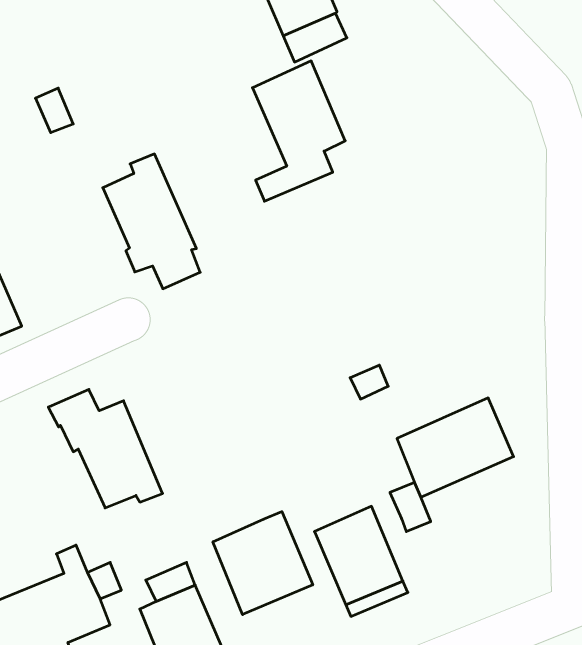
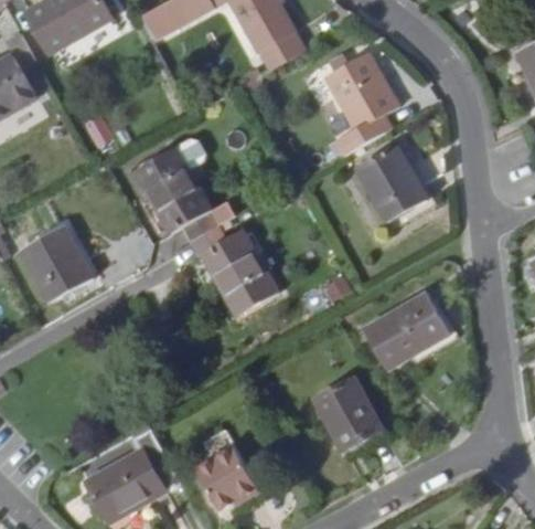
building: [252,61,345,201] -> [325,53,395,156]
building: none -> [352,148,421,225]
building: [48,389,163,508] -> [188,226,275,309]
building: [213,512,313,615] -> none

